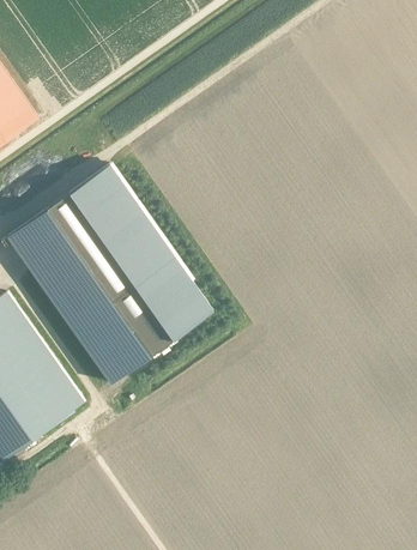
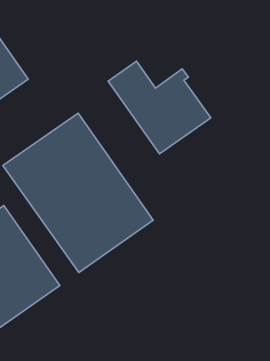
building: none -> [108,61,211,154]

